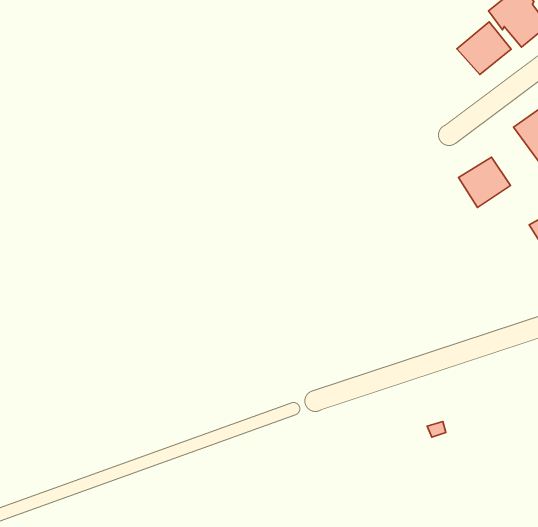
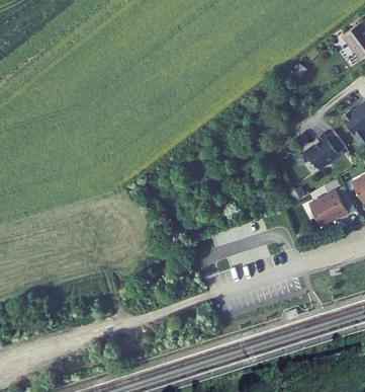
building: [457,22,511,75] -> none
building: none -> [311,187,350,222]

